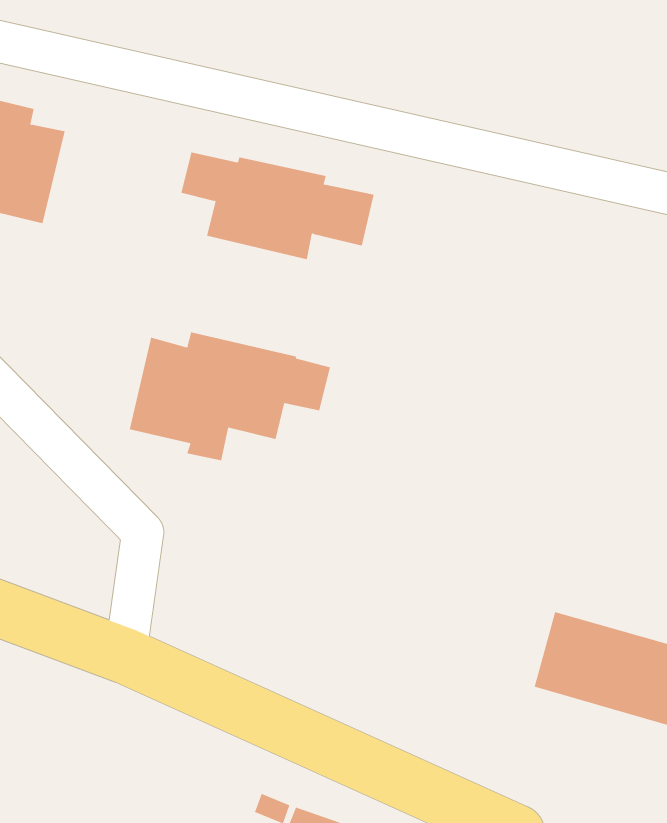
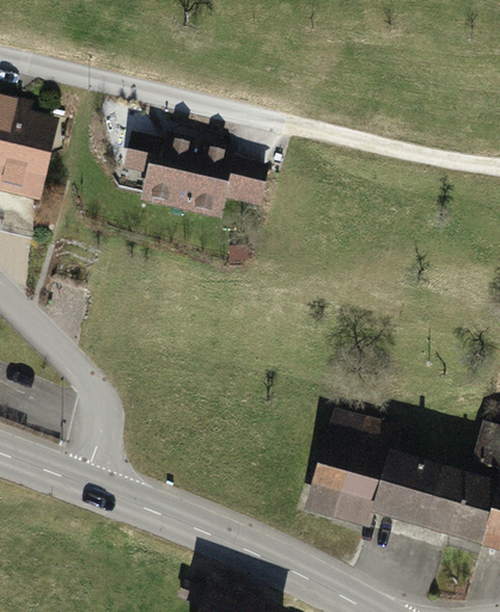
building: [129,331,331,461] -> none
building: none -> [318,417,400,512]

